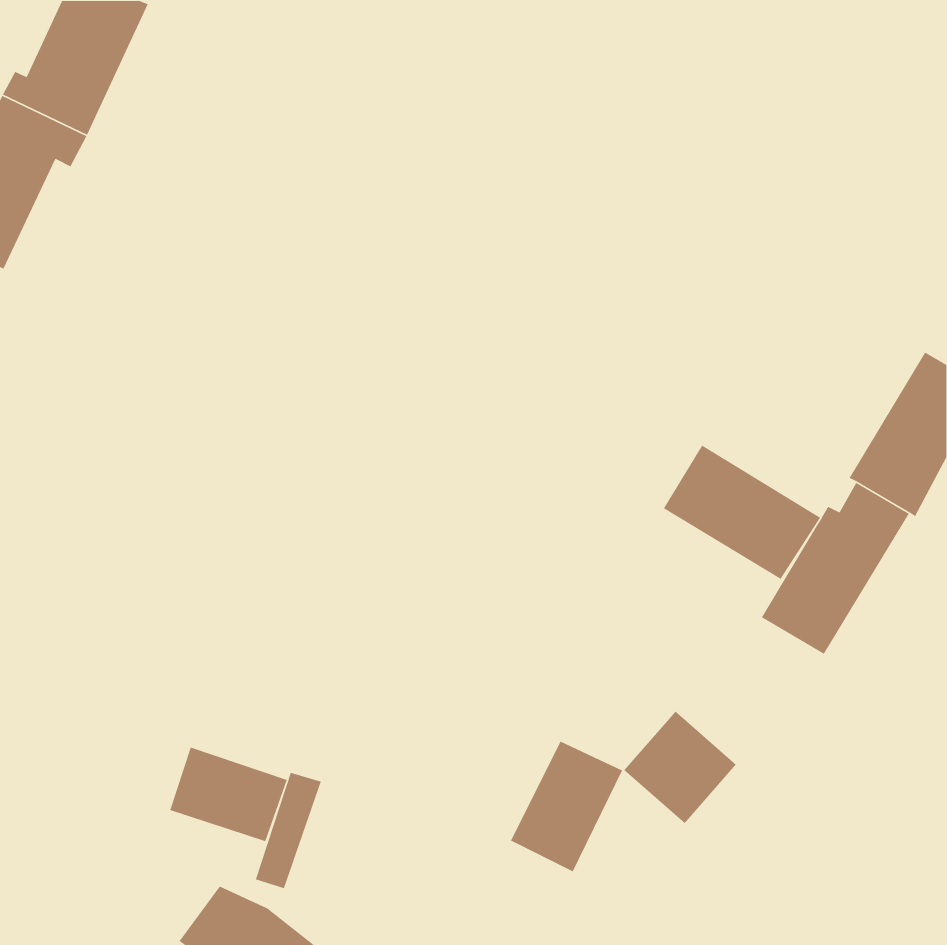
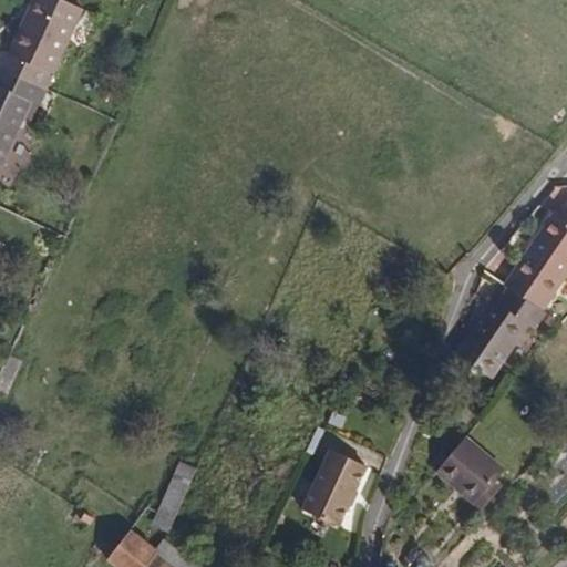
building: [663,444,821,580] -> none
building: [623,711,737,824] -> [437,437,505,505]
building: [169,747,288,842] -> none

